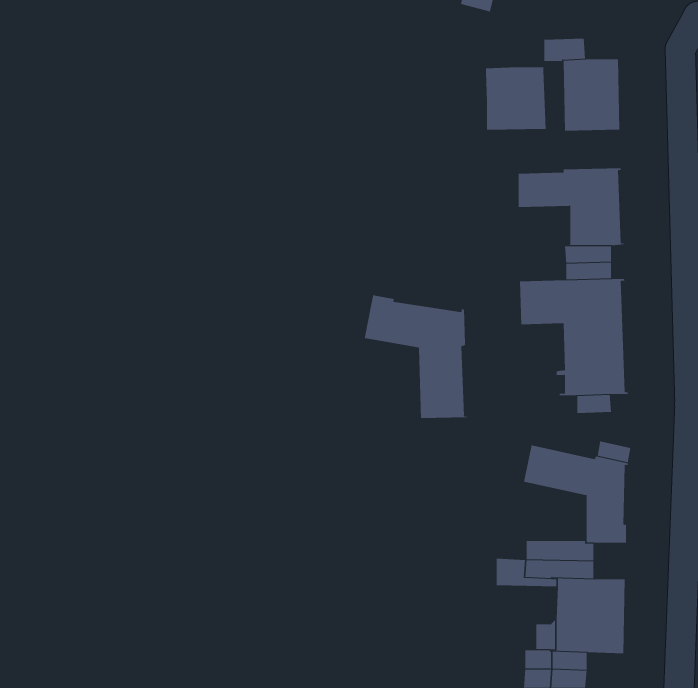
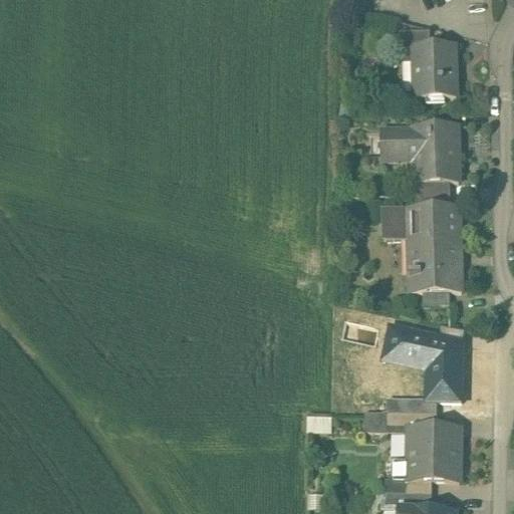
building: [485,61,546,131] -> none
building: [364,295,467,419] -> none

